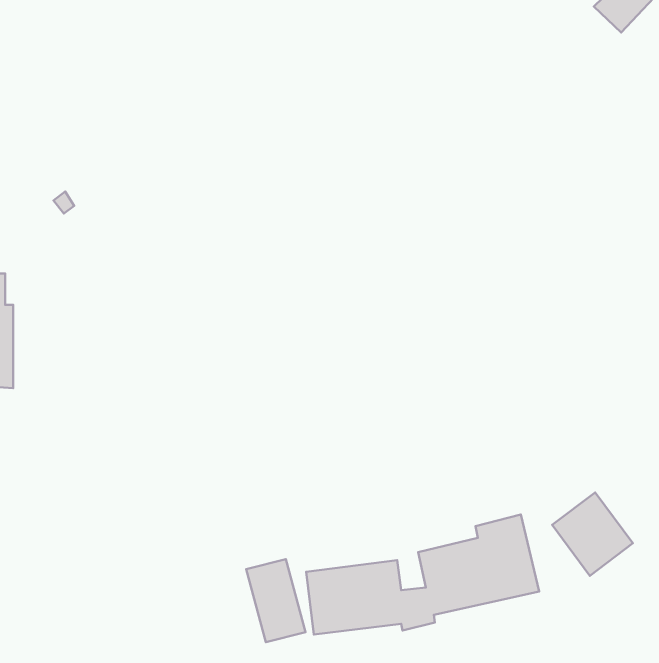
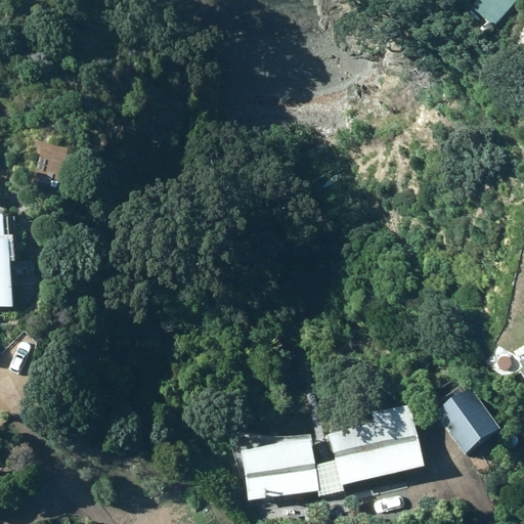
building: [246,559,305,642] -> none

